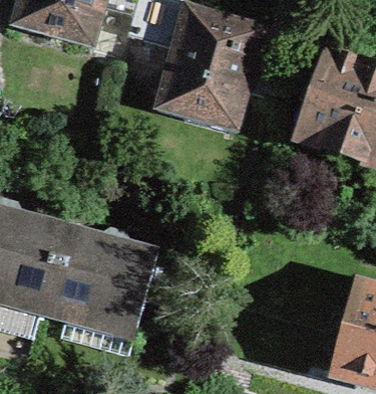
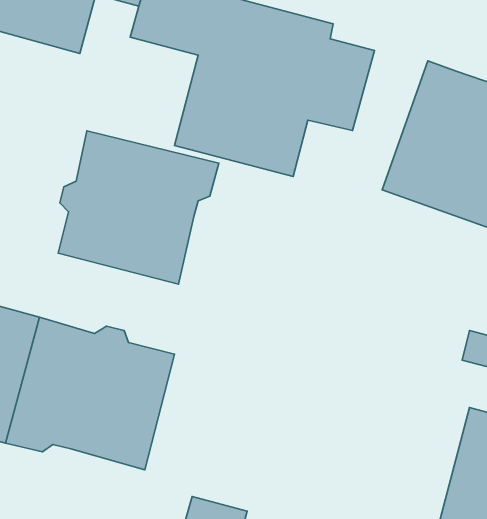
building: none -> [58,131,219,284]

